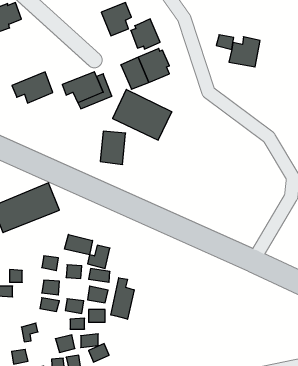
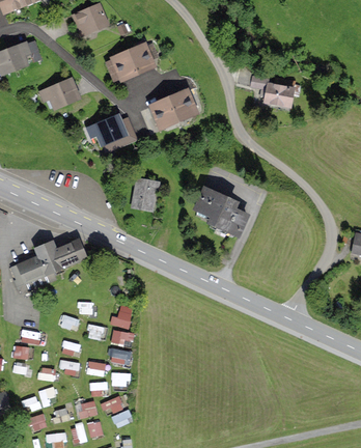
building: [131,19,160,49] -> [105,52,136,84]
building: [12,72,53,103] -> [36,78,80,111]
building: [113,89,172,140] -> [180,185,244,239]
building: [65,234,92,255] -> none
building: [111,278,134,319] -> none

